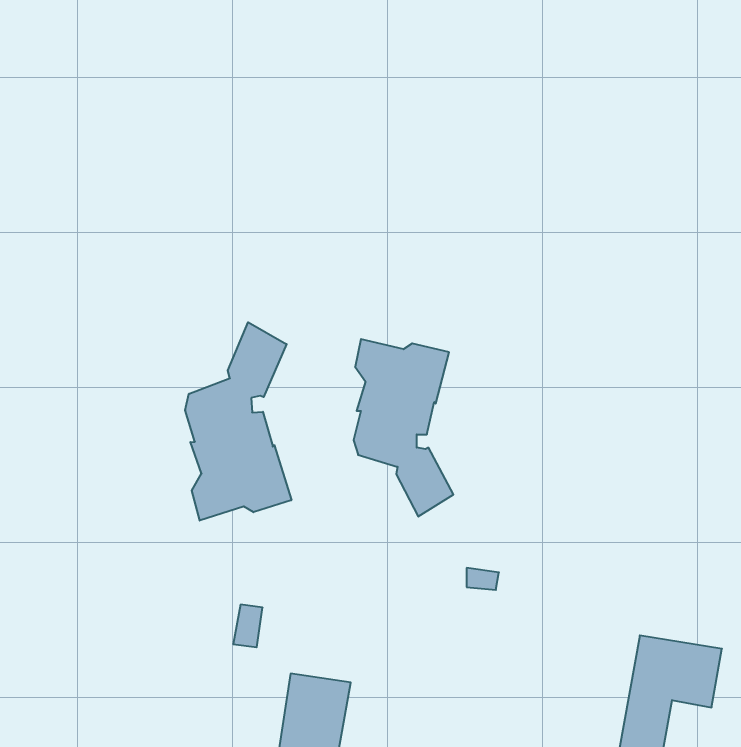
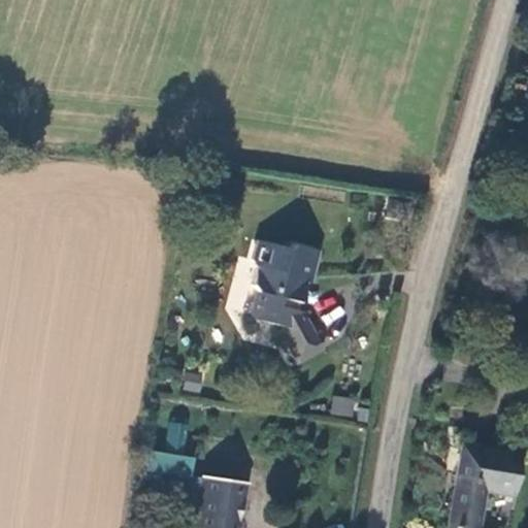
building: [185,322,291,521] -> none

